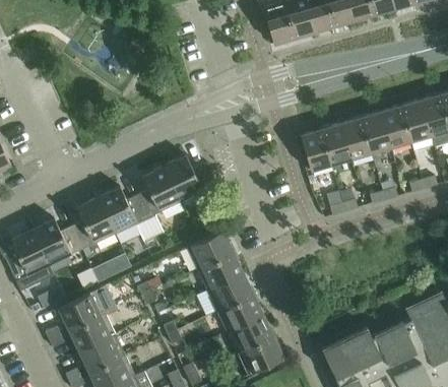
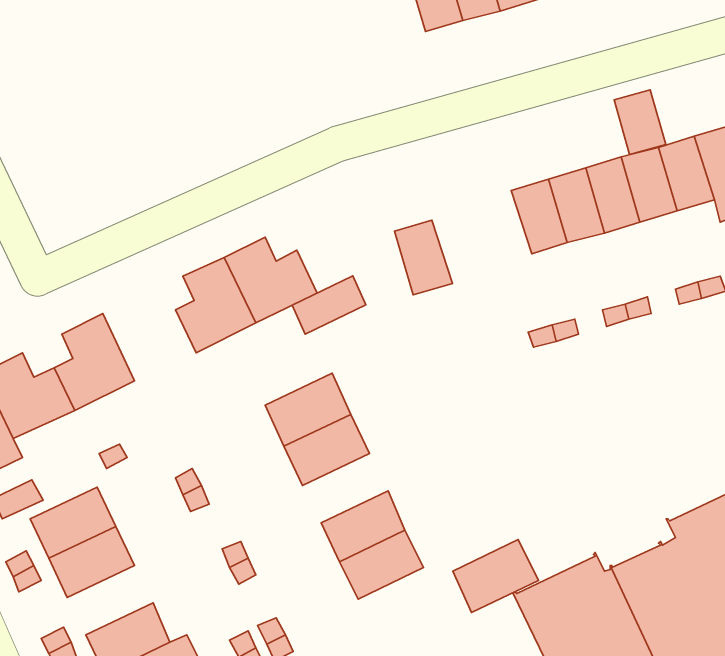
building: none -> [614,90,666,155]
building: [300,130,331,171] -> [395,220,452,295]
building: none -> [292,276,366,334]
building: [98,187,148,234] -> none
building: [206,273,253,311] -> none
building: [78,334,125,372] -> none
building: [237,335,283,375] -> [453,540,539,612]

